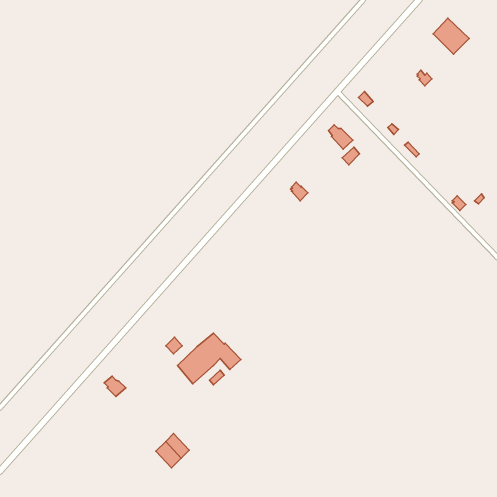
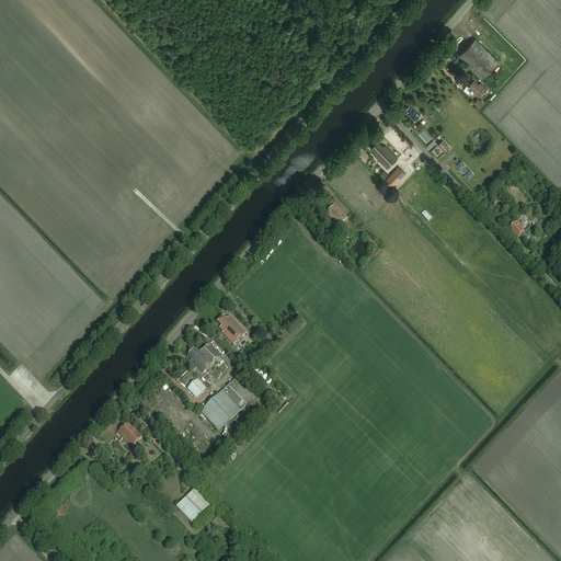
building: [433,18,469,54] -> [458,37,499,78]
building: none -> [217,316,245,345]
building: none -> [186,343,220,374]

